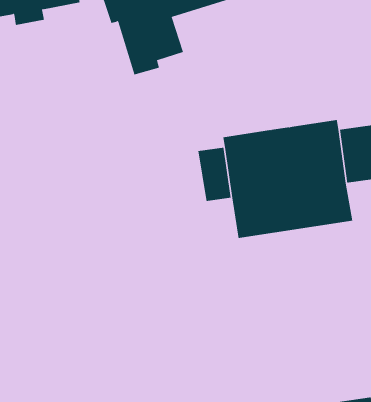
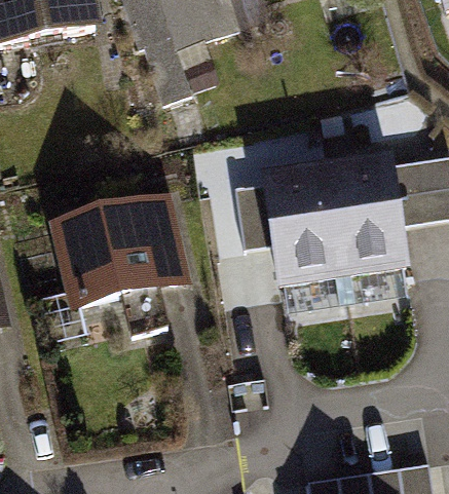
building: none -> [49,194,192,310]

